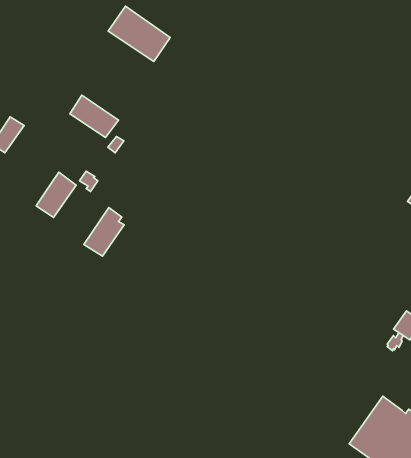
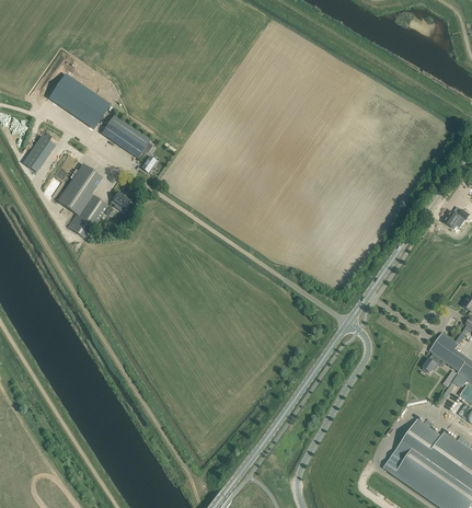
building: [108,6,170,61] -> [48,72,111,128]
building: [84,208,124,256] -> [58,163,99,212]

